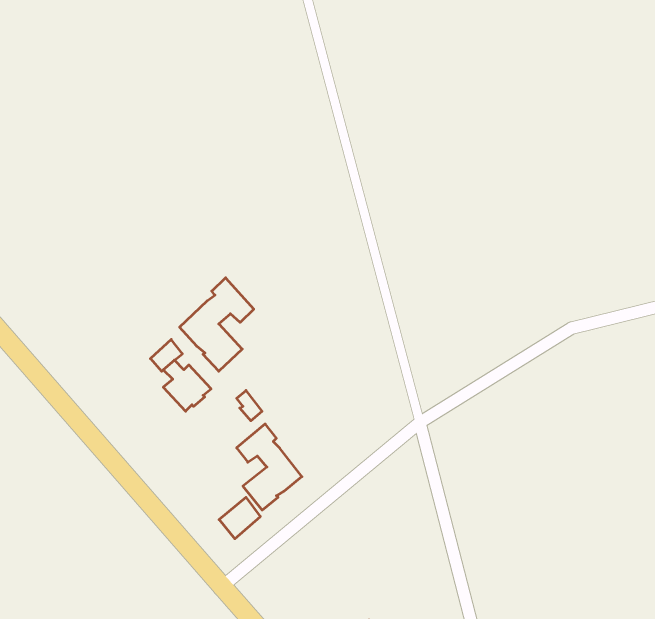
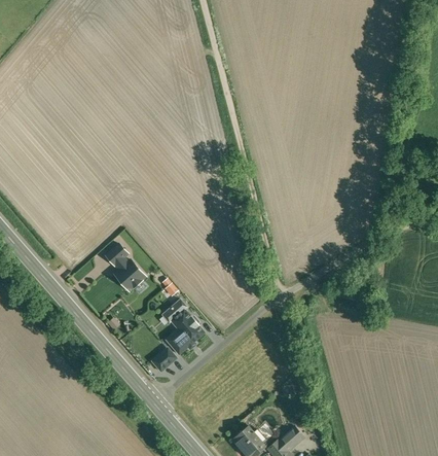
building: [180,278,254,371] -> none

